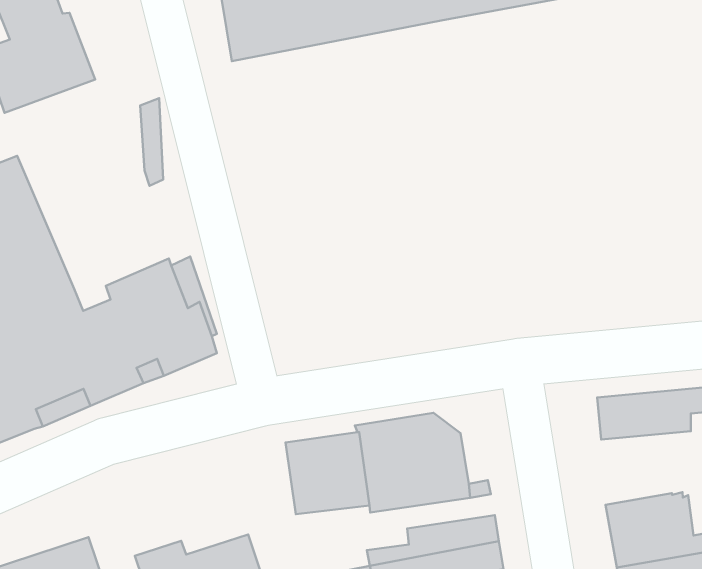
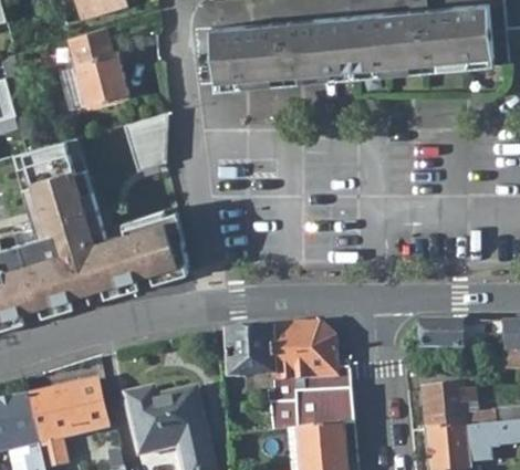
building: none -> [122,113,156,169]

